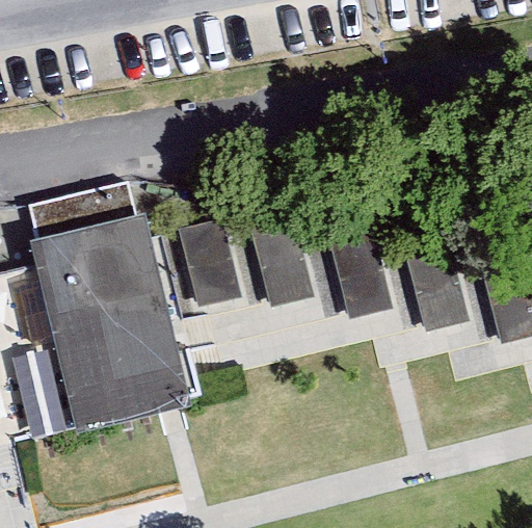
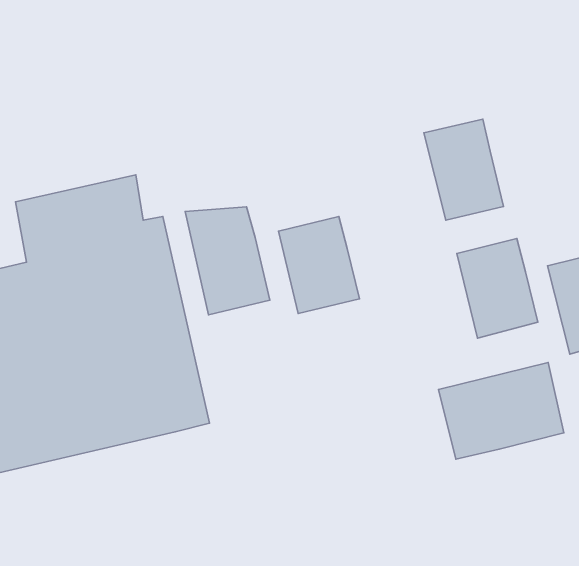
building: [326,238,394,323] -> [424,119,504,220]
building: none -> [439,362,564,459]

